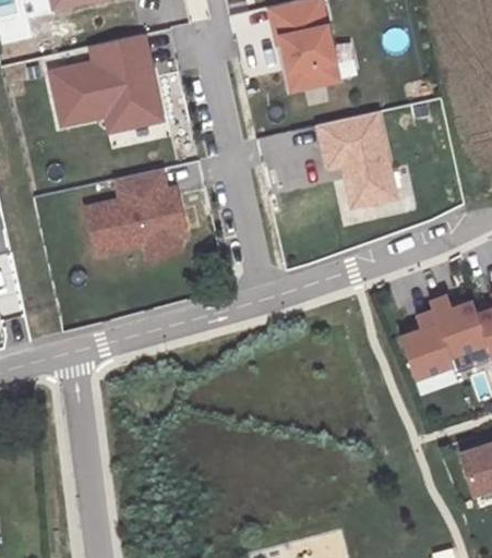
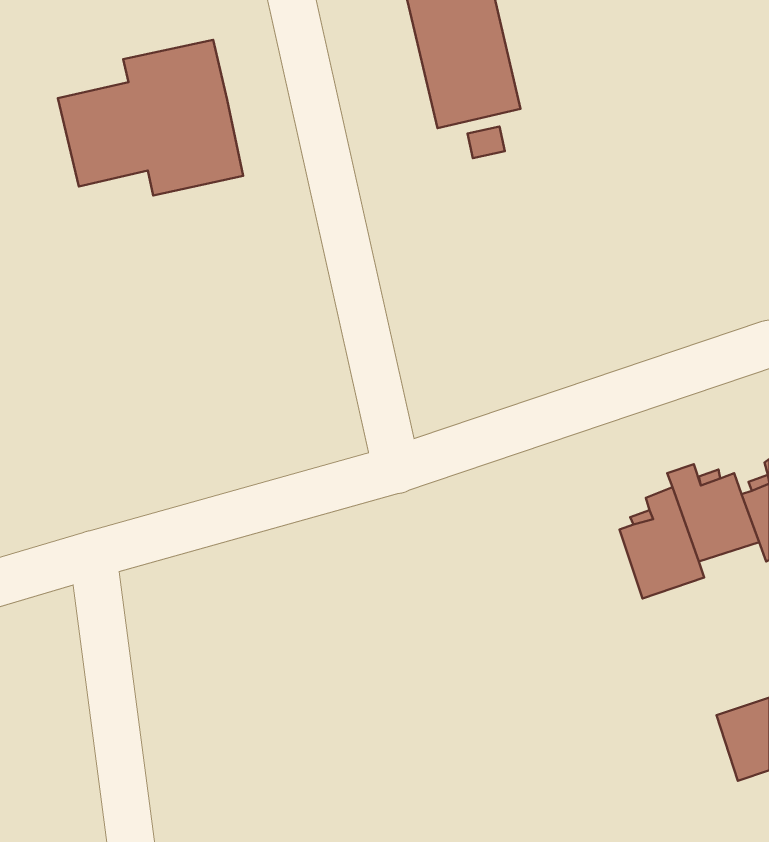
building: [313,113,392,207] -> none
building: [86,169,190,257] -> none

